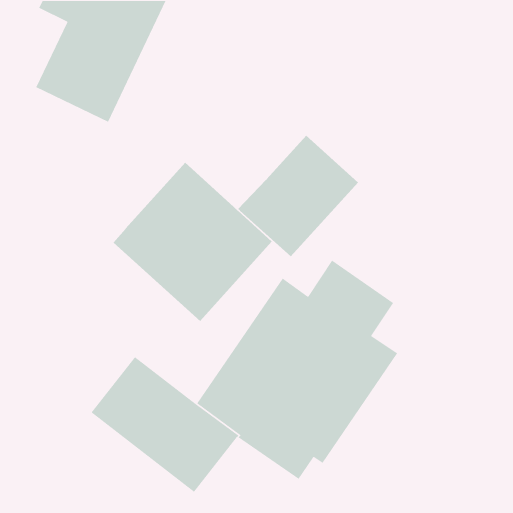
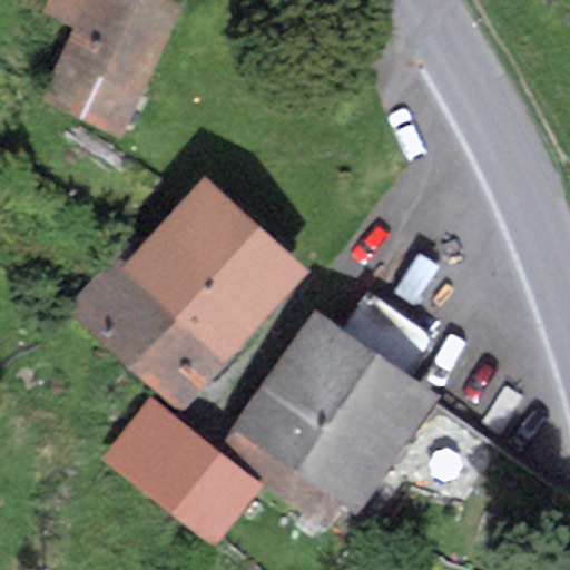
building: [237,135,359,257] -> none
building: none -> [75,246,222,402]

